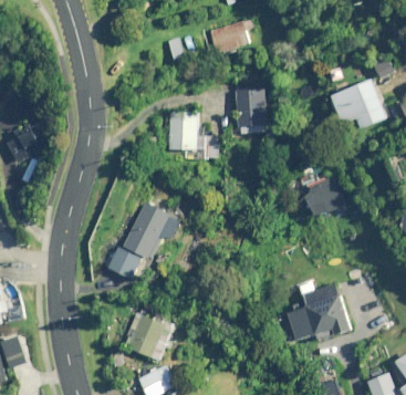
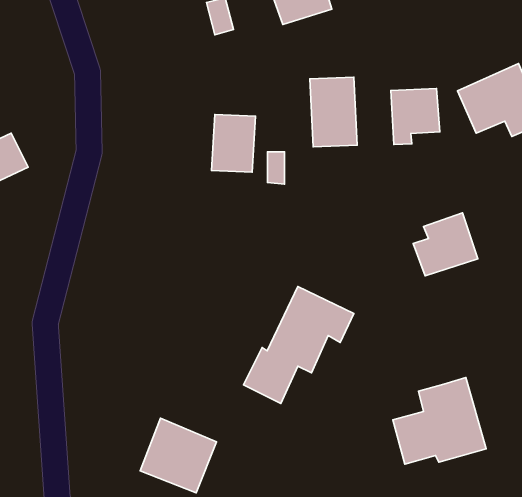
building: none -> [391,89,440,144]
building: [108,202,180,279] -> [244,286,354,403]

